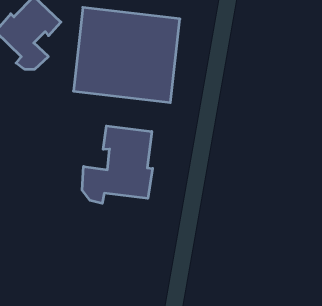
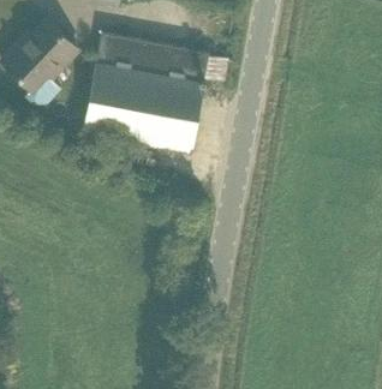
building: [82,126,153,203] -> none

